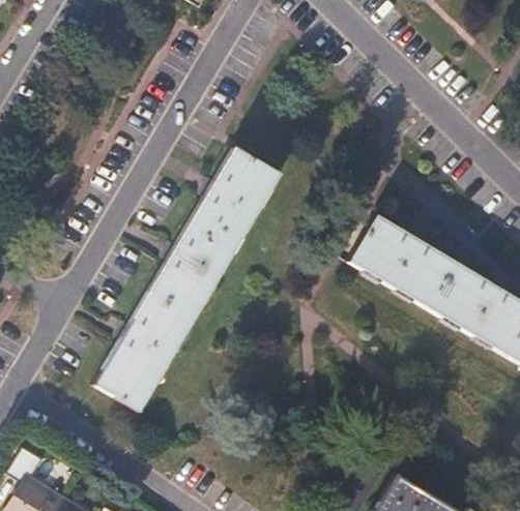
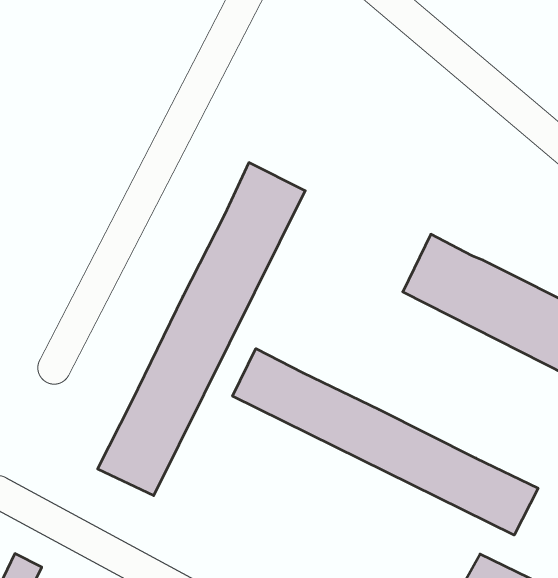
building: none -> [233,349,538,535]

